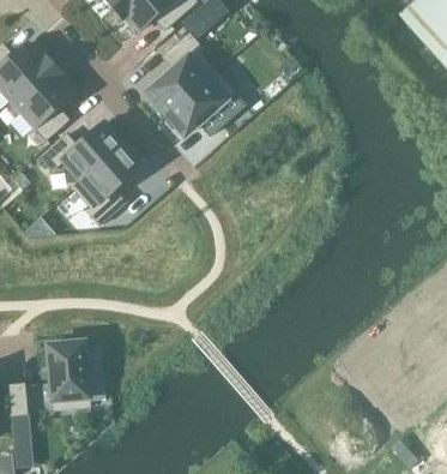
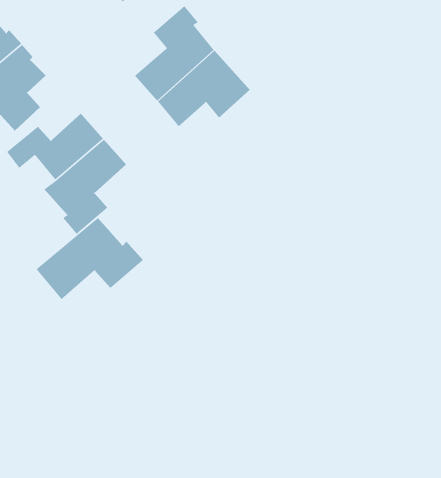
building: none -> [36,217,144,300]
building: [48,342,90,410] -> none

